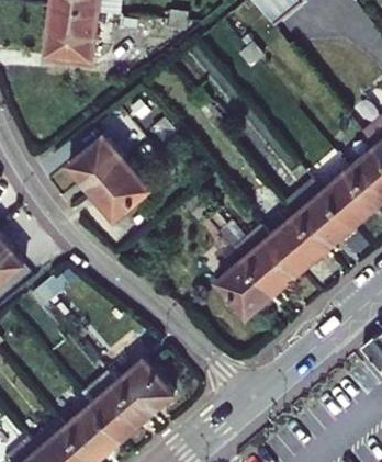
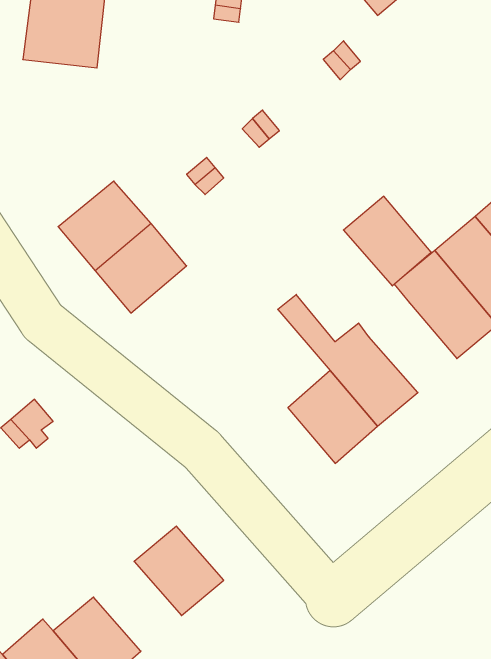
building: [271,214,328,272] -> [343,196,431,286]
building: [85,372,149,440] -> none

